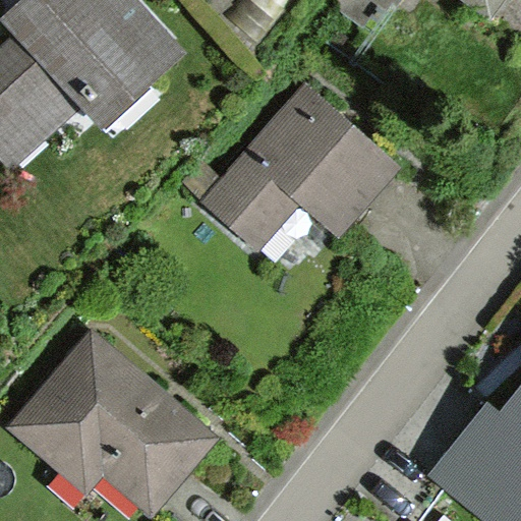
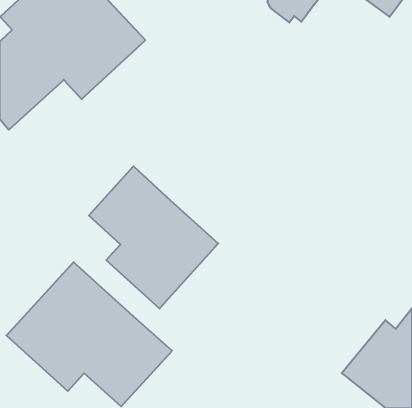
building: [205,86,401,249] -> none
building: none -> [89,166,218,309]

